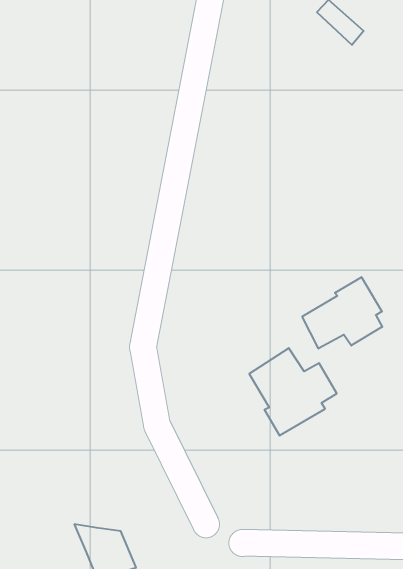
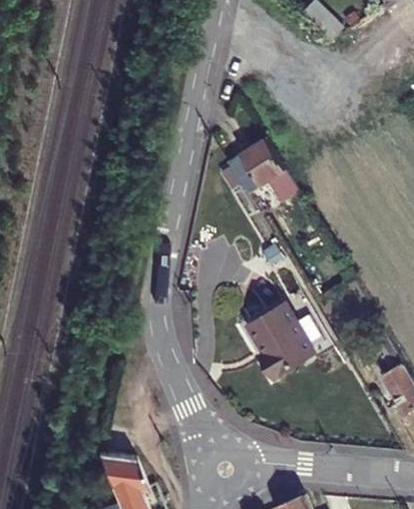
building: none -> [226,138,300,201]
building: [302,277,382,349] -> none

